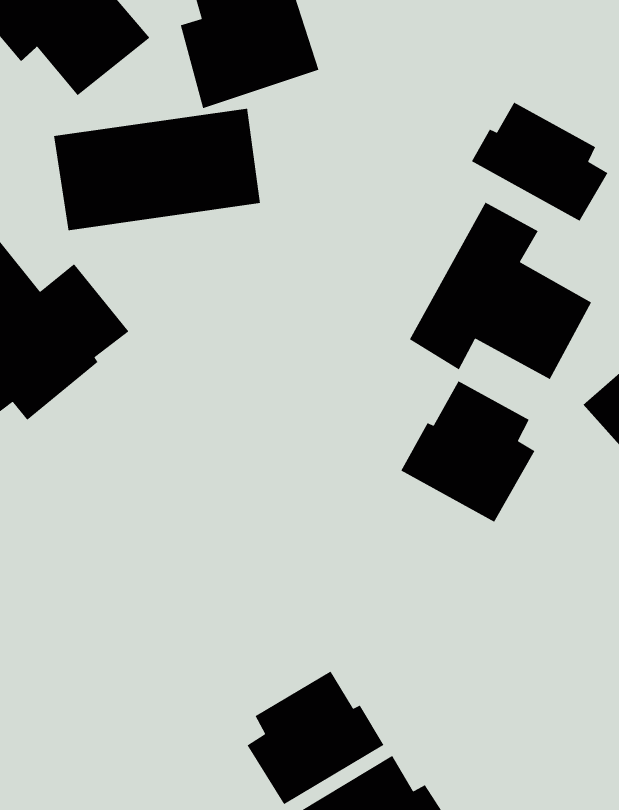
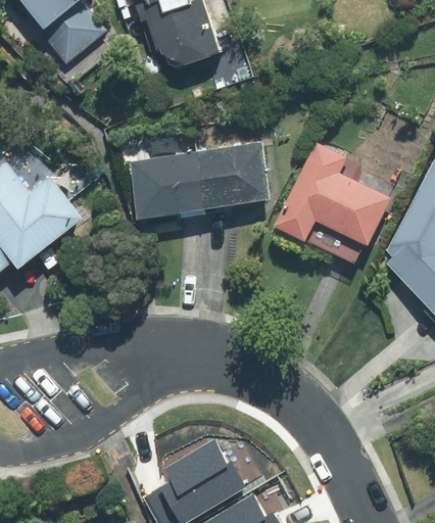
building: [471,101,608,222] -> none
building: [53,108,261,231] -> [144,137,275,215]
building: [400,380,536,523] -> none

